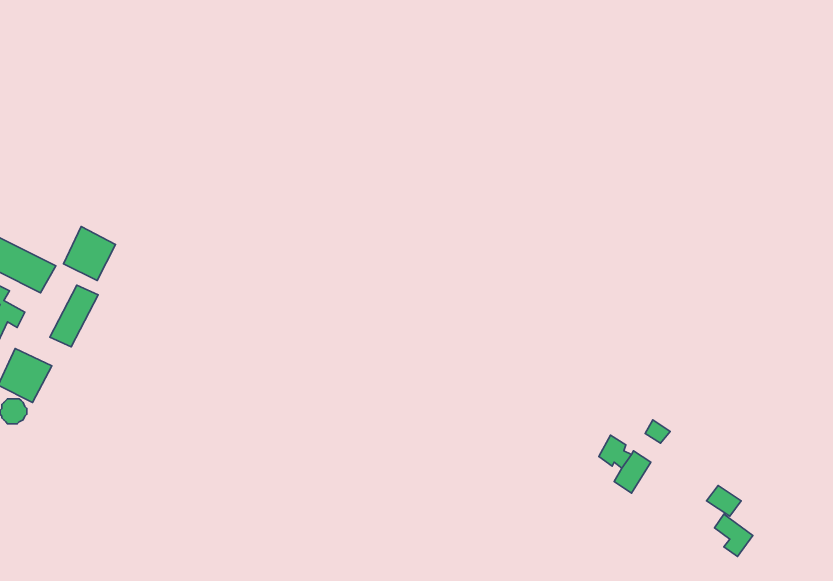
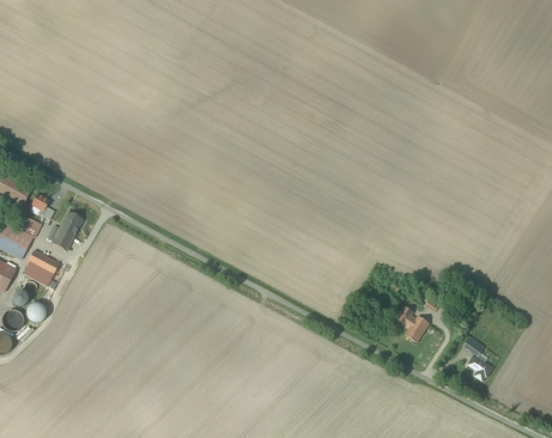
building: [64,227,116,280] -> none

